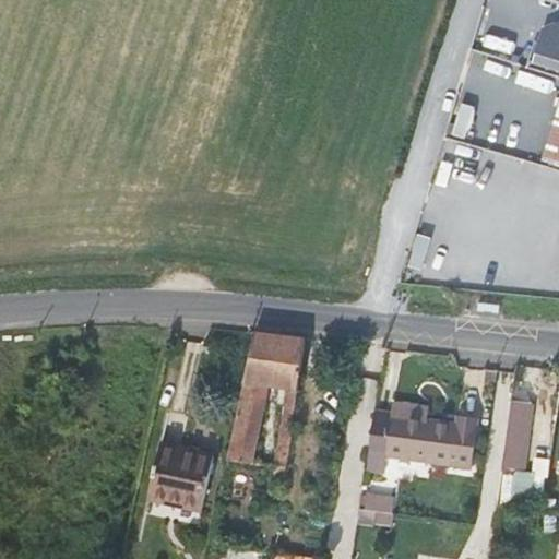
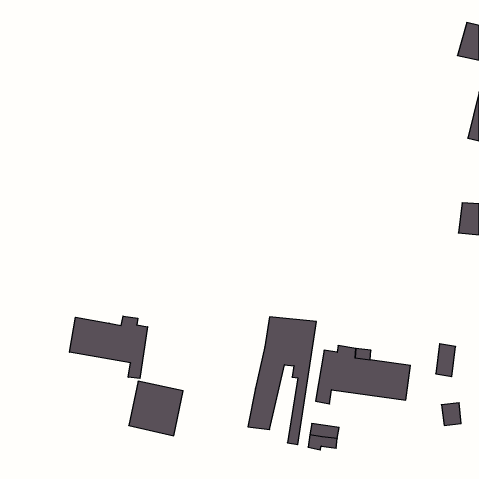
building: [226,332,306,480] -> [248,317,316,445]
building: none -> [70,316,148,378]

